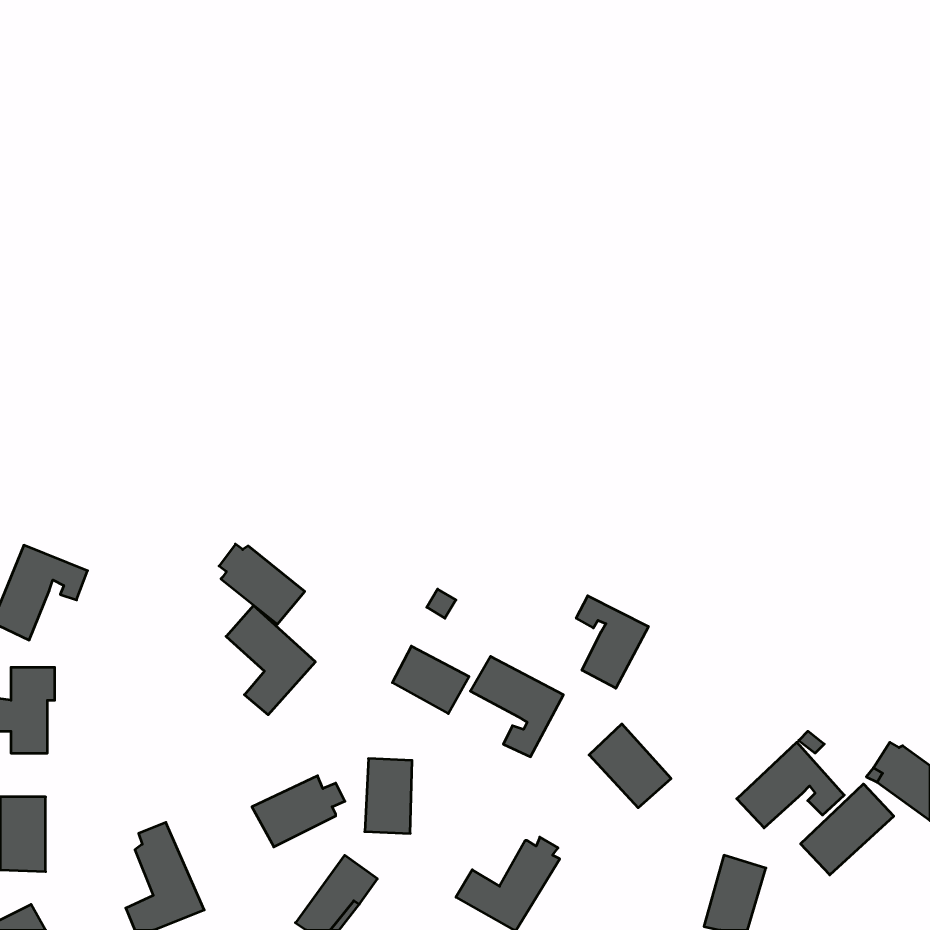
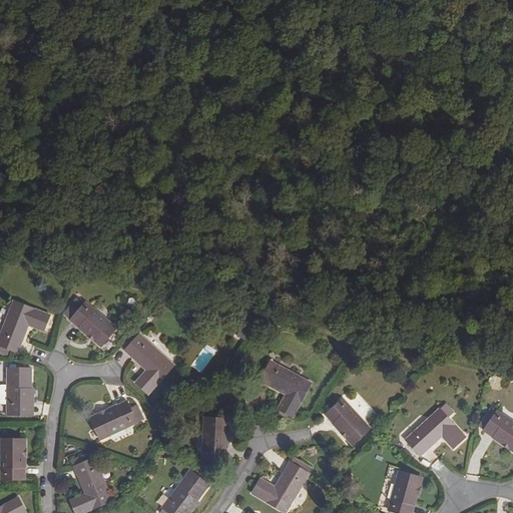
building: [219,544,305,624] -> [68,301,115,345]
building: [576,596,648,688] -> none
building: [392,646,469,714] -> none
building: [252,776,345,847] -> [89,400,140,439]
building: [801,784,894,875] -> none

